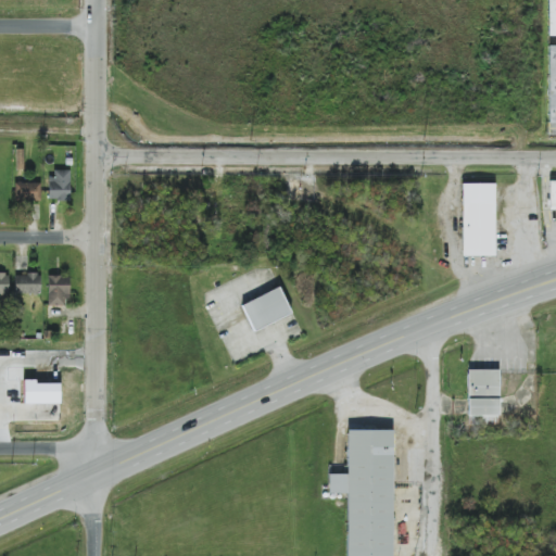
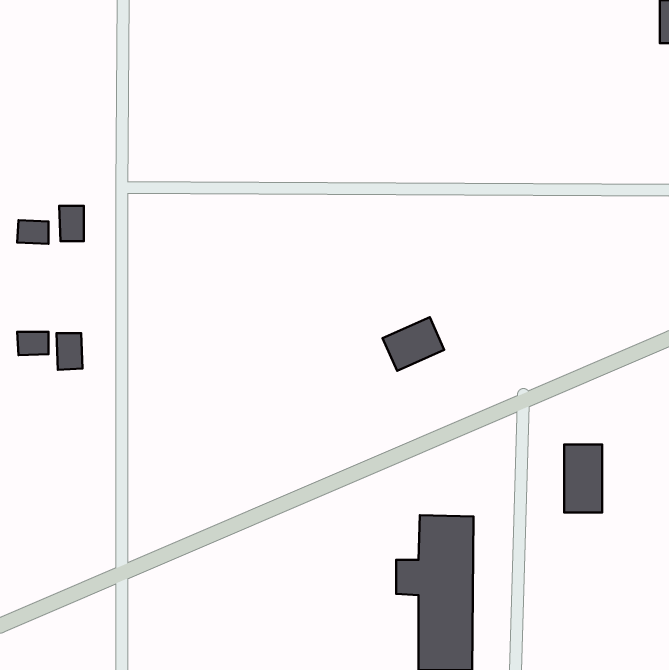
building: [463,182,495,256] -> none
building: [241,286,292,330] -> [383,317,444,371]
building: [24,382,61,404] -> none

